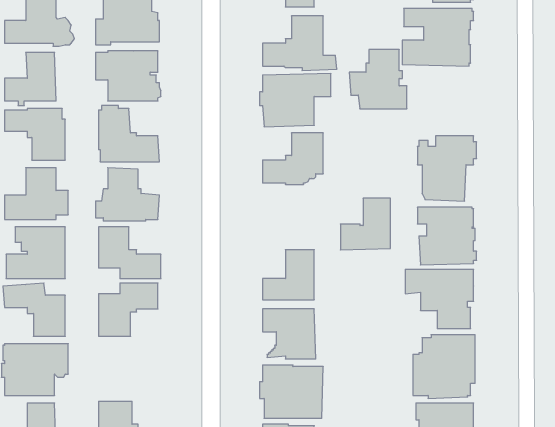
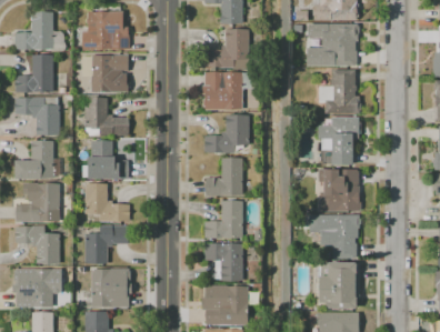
building: [349,50,407,109] -> [318,69,360,112]
building: [340,198,390,250] -> [206,158,242,195]
building: none -> [91,268,132,305]

